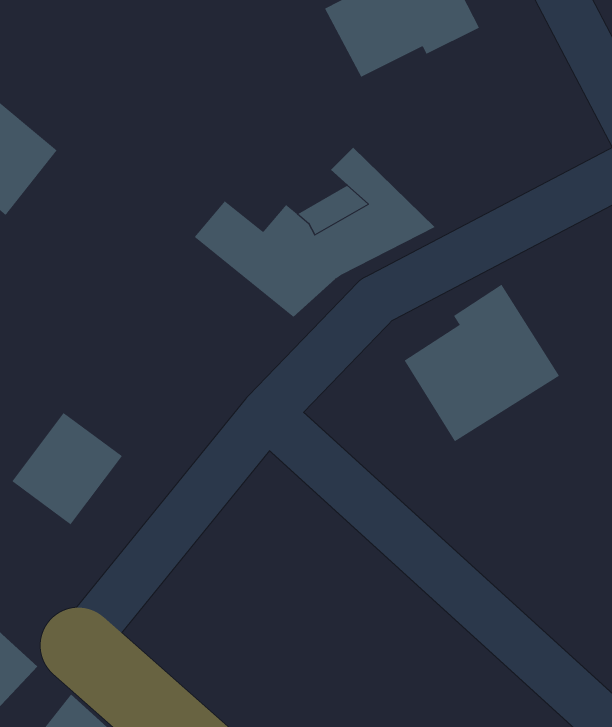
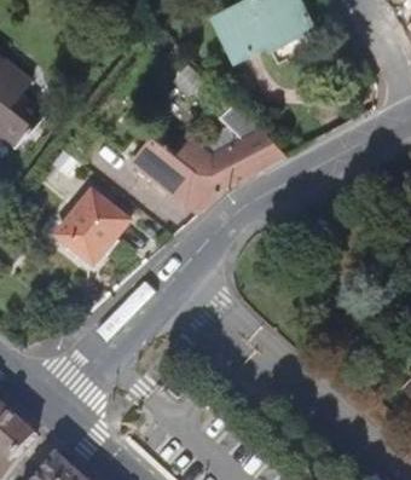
building: [404,284,560,442] -> none
building: [11,412,123,525] -> [58,195,128,266]

